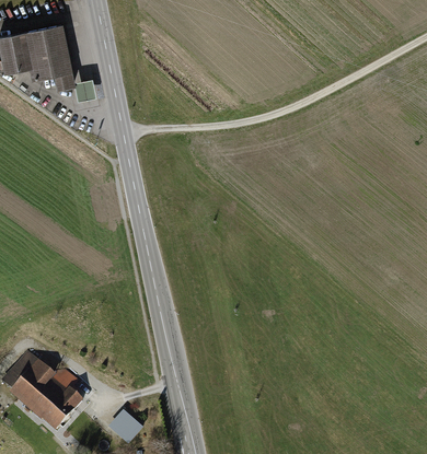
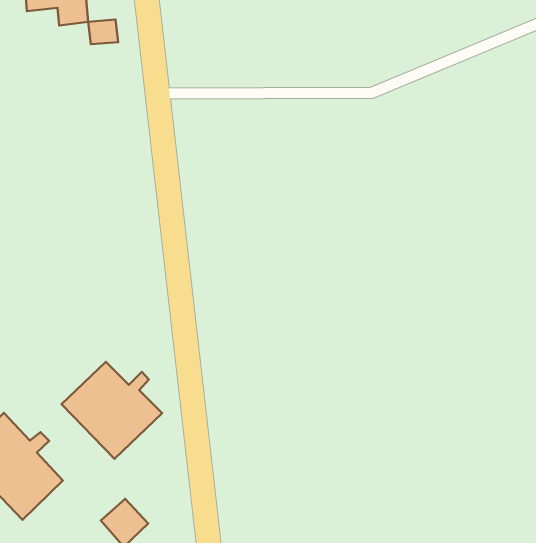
building: none -> [62,362,162,459]

